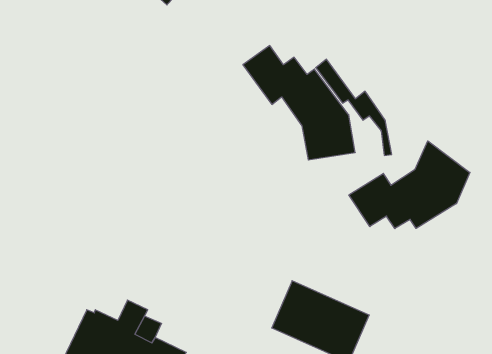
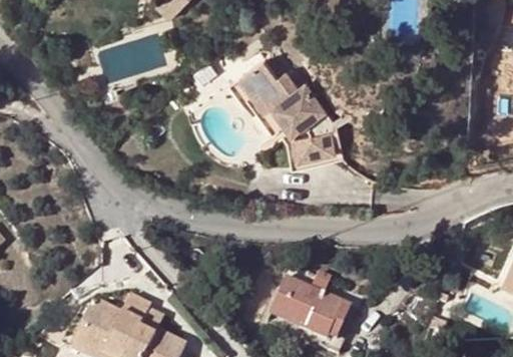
building: [316,59,392,155] -> [229,70,301,160]
building: [349,141,470,229] -> none

